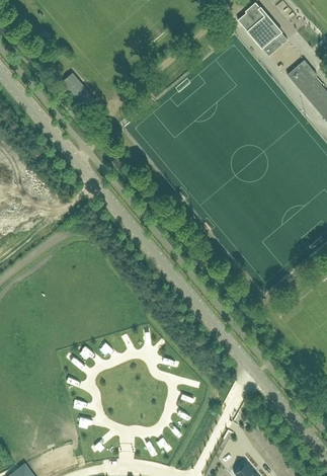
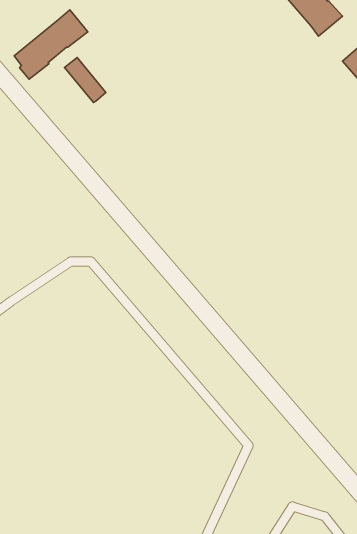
building: none -> [14,10,88,79]

